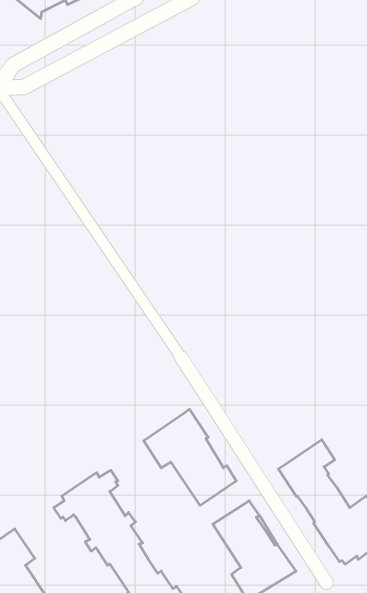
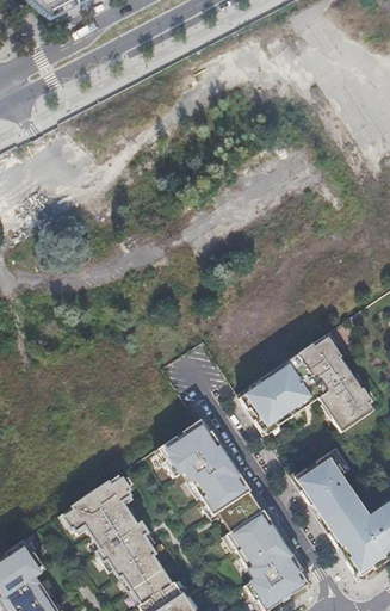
building: none -> [240,337,373,432]
building: none -> [213,489,264,533]

